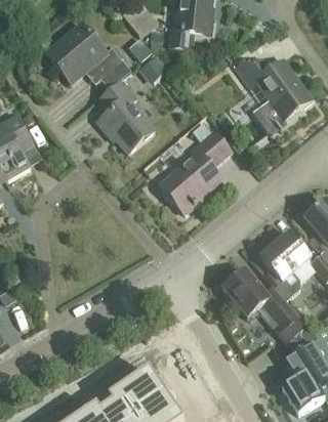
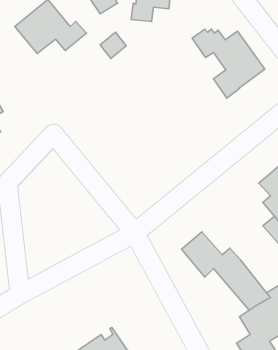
building: [97,78,155,152] -> none
building: [159,123,231,213] -> none
building: [261,234,310,300] -> none

